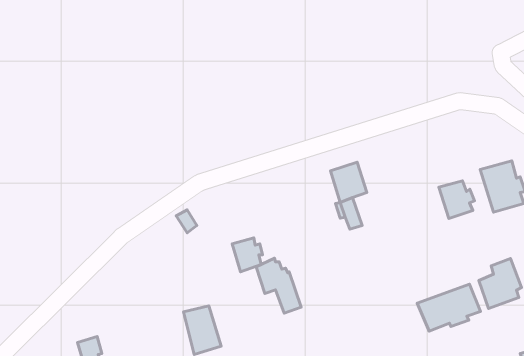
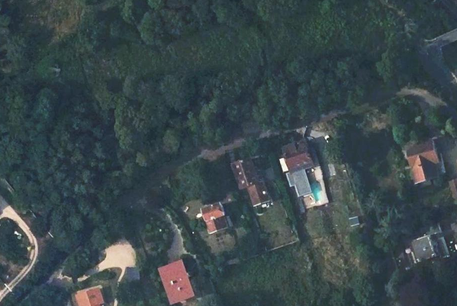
building: [439,181,475,219] -> none
building: [256,258,301,313] -> [230,162,267,207]
building: [417,284,481,331] -> none

